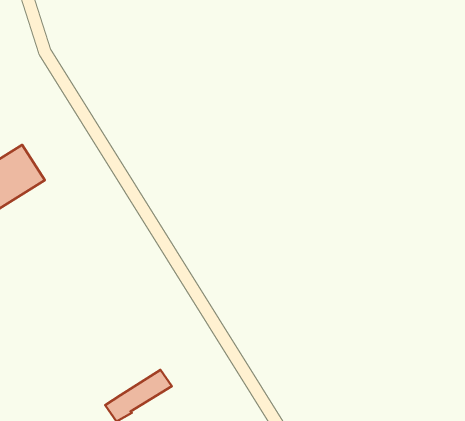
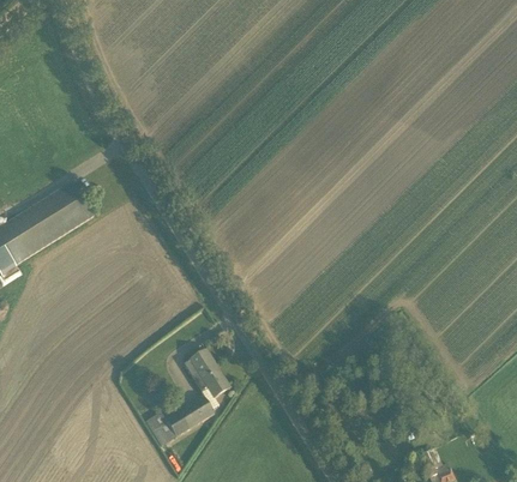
building: none -> [180,353,226,399]

